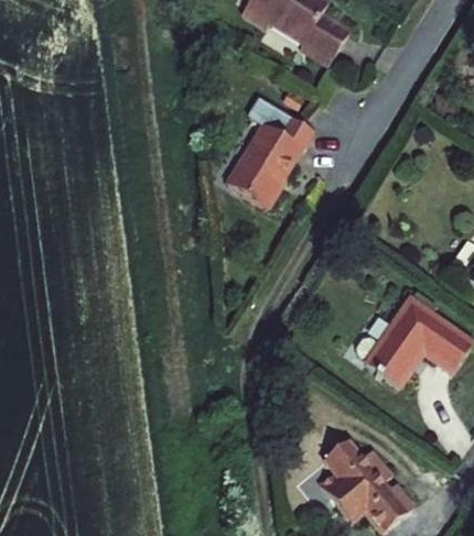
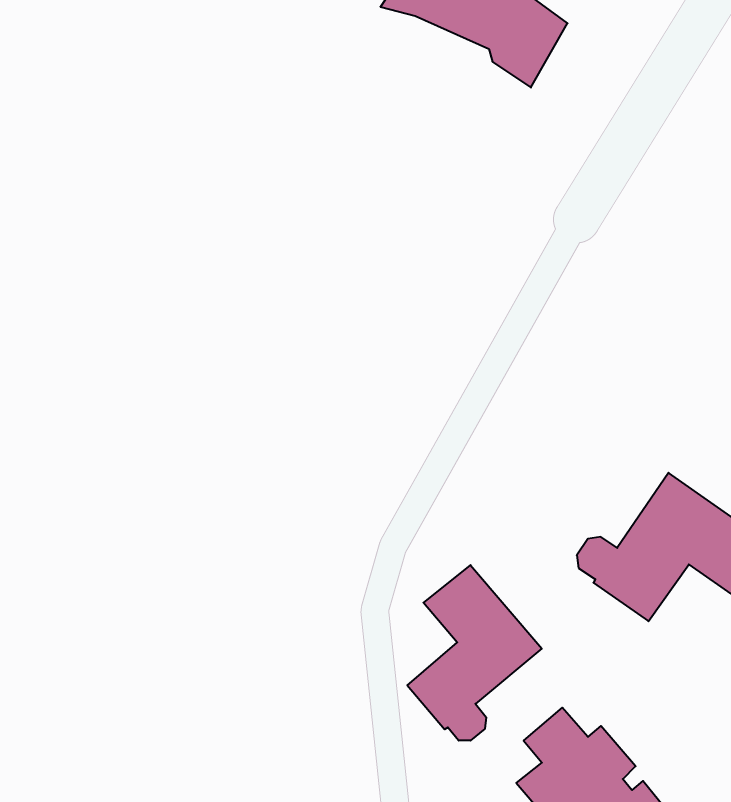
building: [229,116,314,205] -> none
building: none -> [407,565,542,741]

